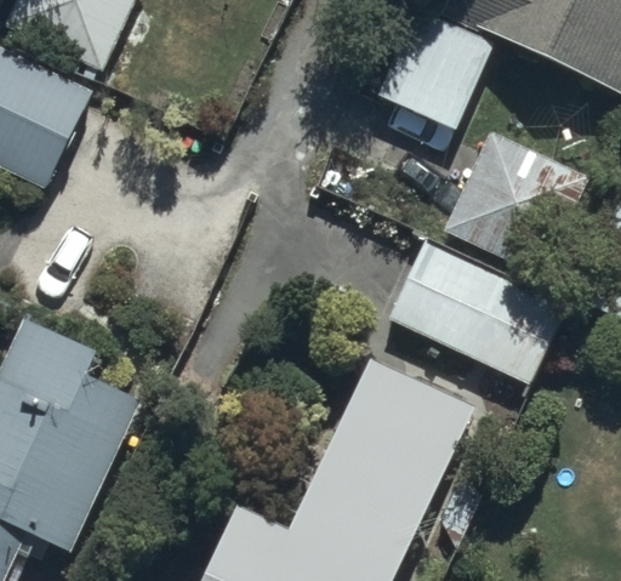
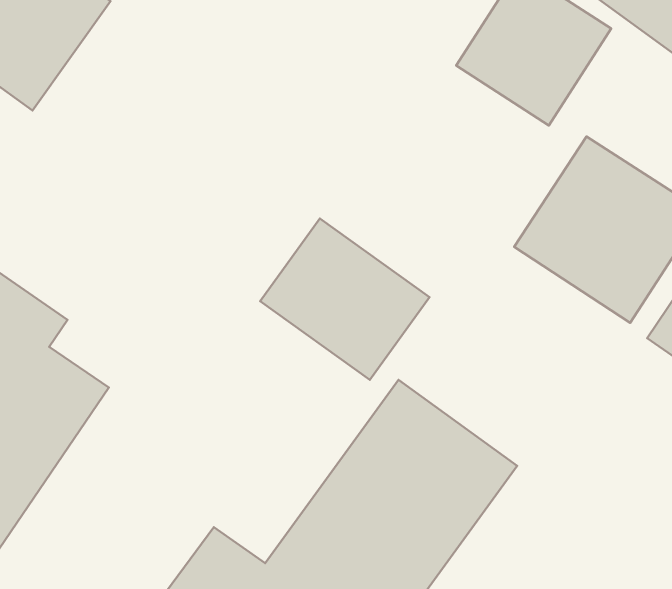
building: none -> [260,219,429,380]
building: [383,238,562,381] -> none

